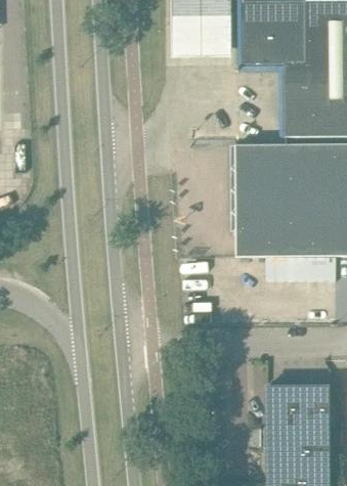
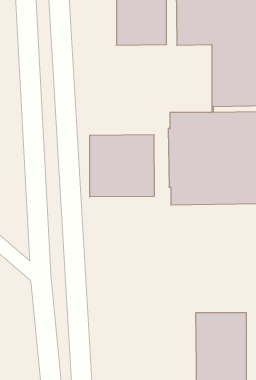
building: none -> [90,135,154,197]

